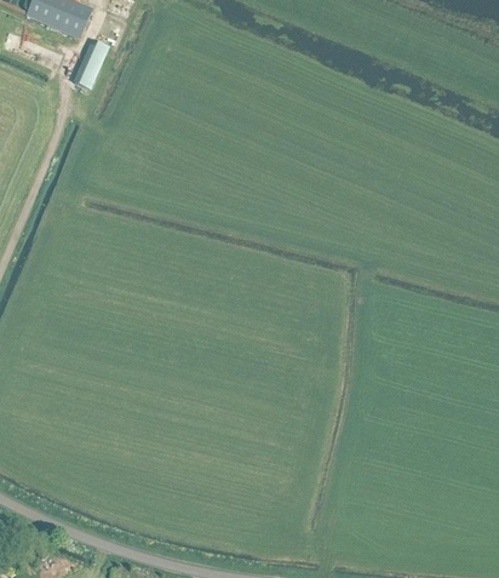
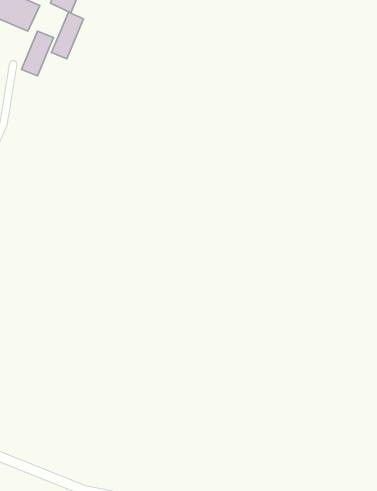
building: none -> [52,12,84,59]

